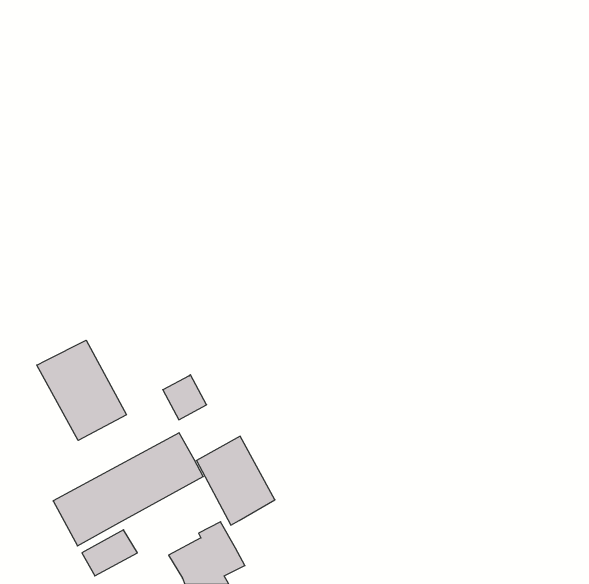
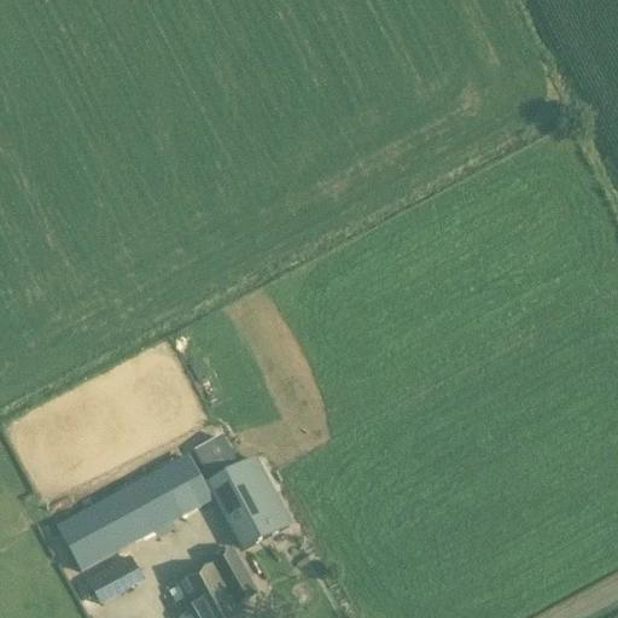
building: [37,340,126,440] -> none
building: [163,375,207,420] -> [193,431,239,478]

